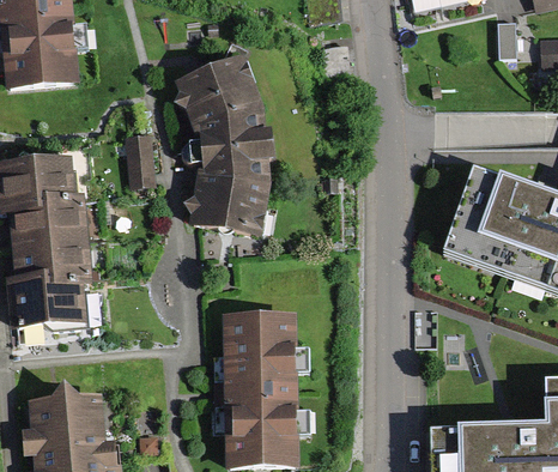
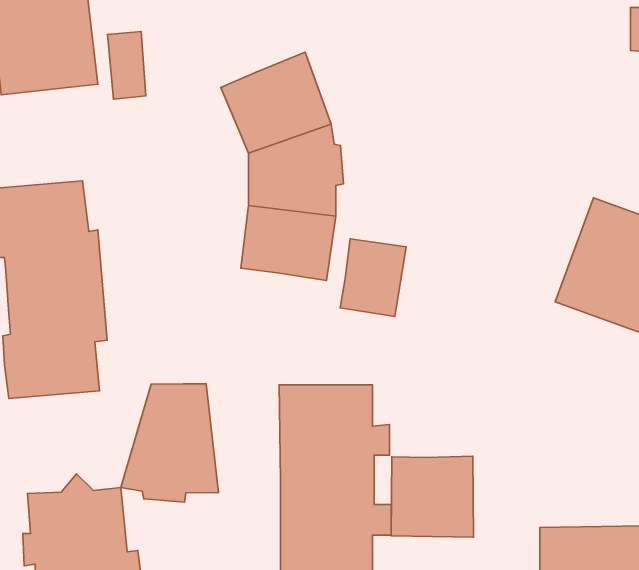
building: [125,132,154,184] -> [107,32,146,99]
building: none -> [340,239,406,317]
building: none -> [121,384,218,502]
building: none -> [391,456,474,537]

